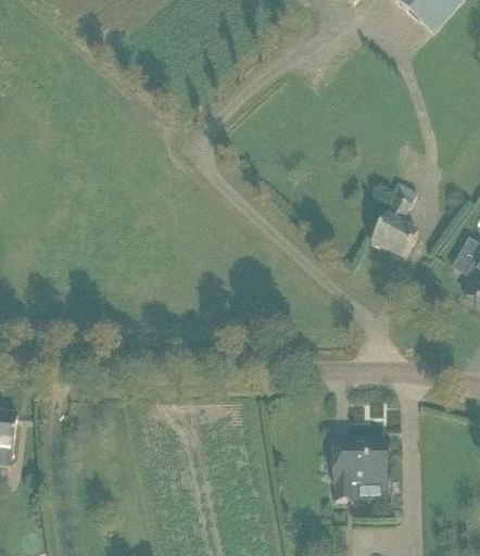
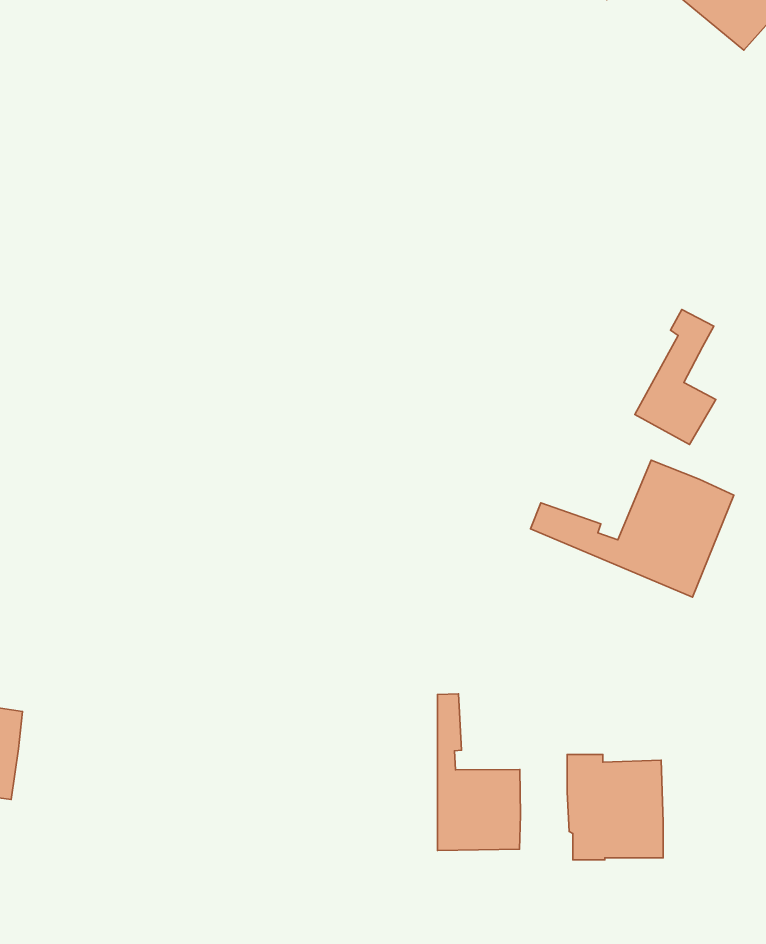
building: none -> [531,460,734,597]
building: none -> [438,694,521,850]

